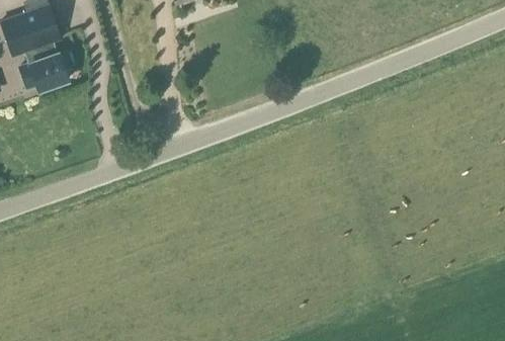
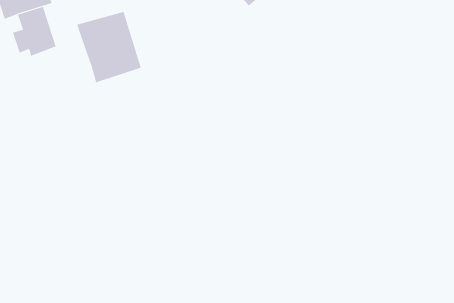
building: none -> [77,11,141,83]

